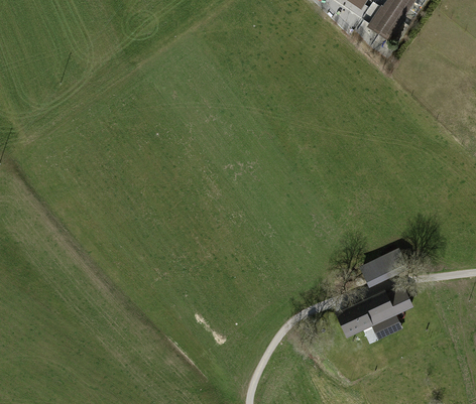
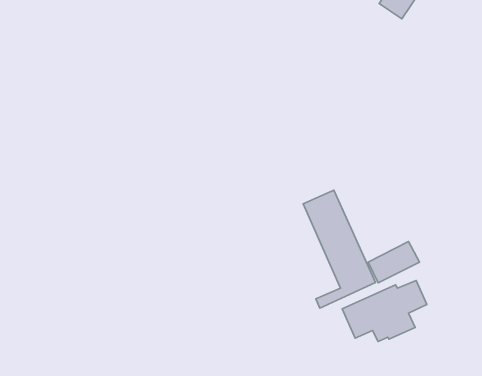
building: none -> [303,190,375,308]

